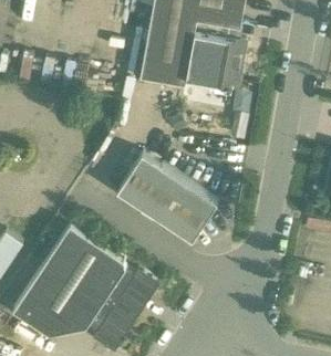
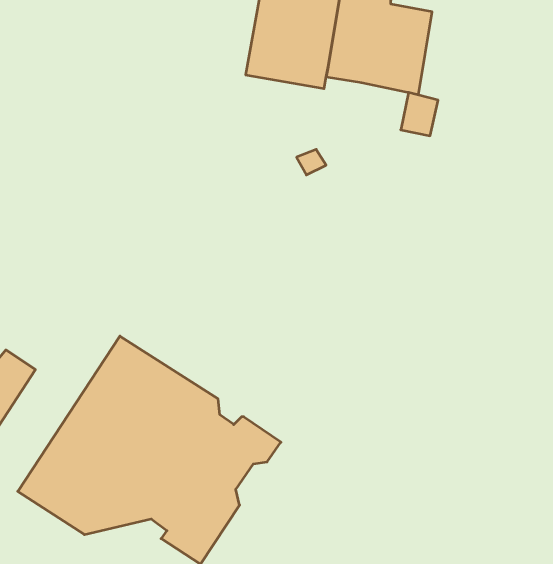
building: [116,155,216,241] -> none

